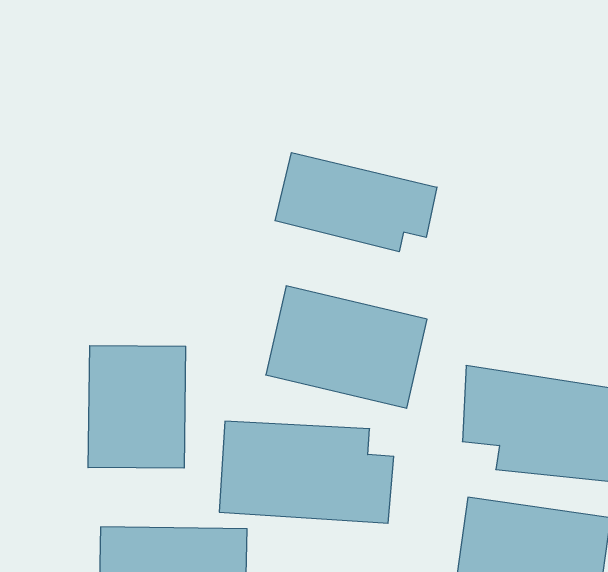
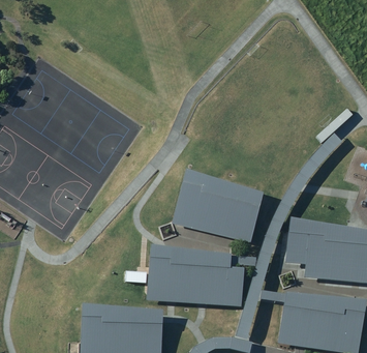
building: [275,153,437,252] -> none
building: [88,346,186,468] -> none

